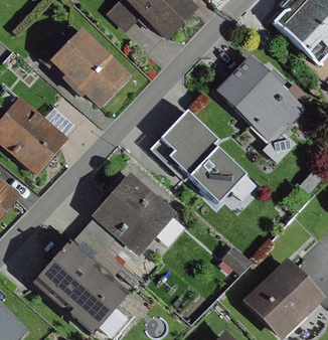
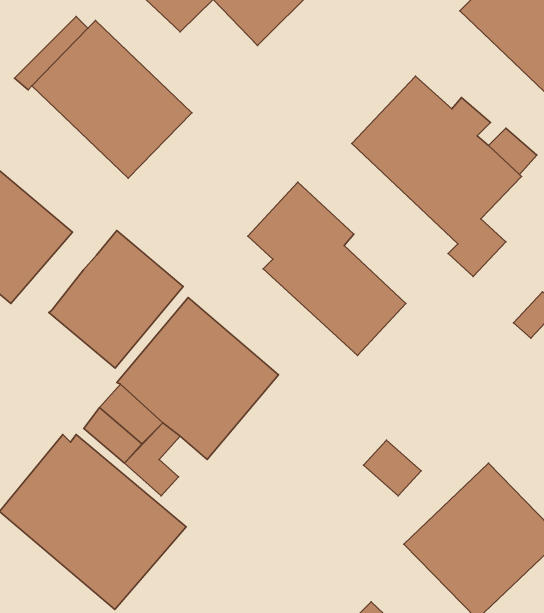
building: none -> [49,231,183,368]

